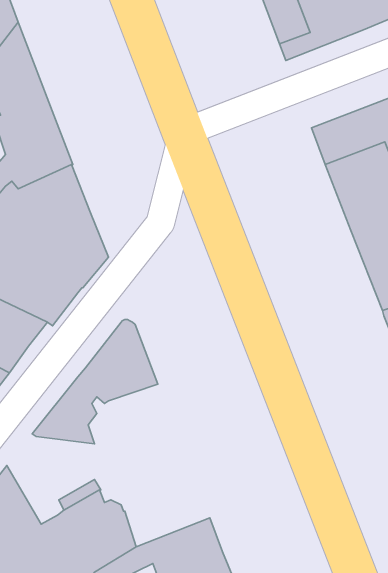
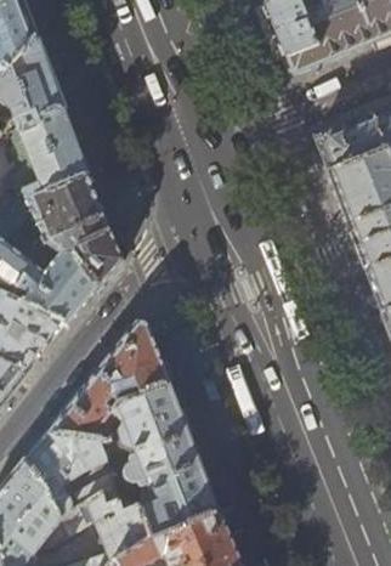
building: none -> [24,383,219,538]

